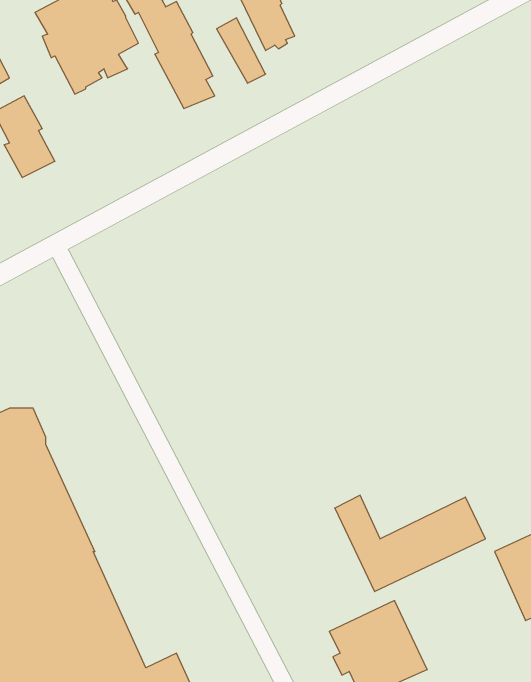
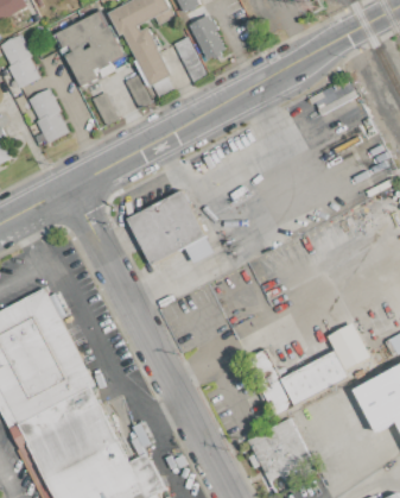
building: none -> [127,190,214,264]
building: none -> [329,323,369,368]

